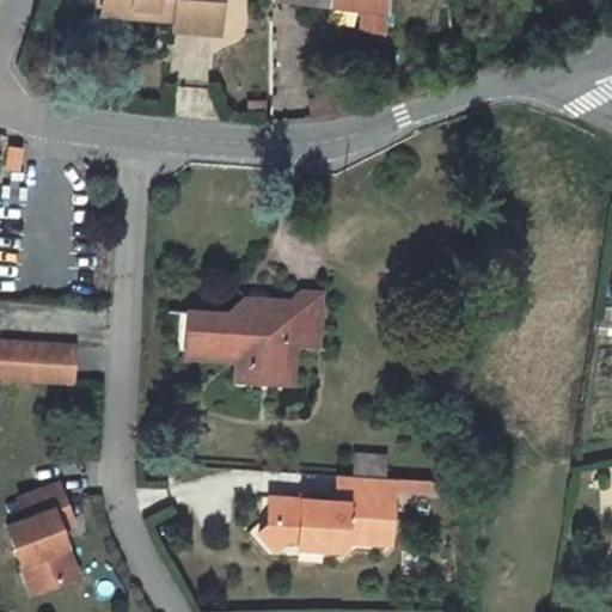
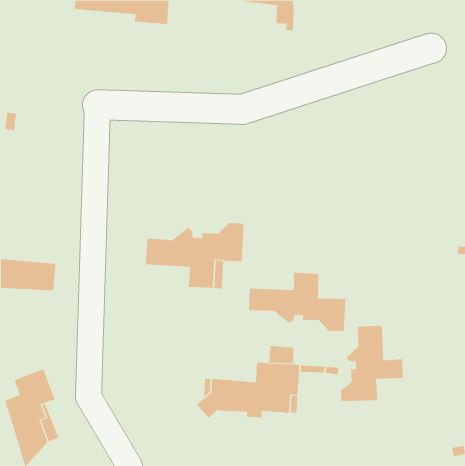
building: [190,347,250,377] -> none
building: none -> [249,272,346,332]
building: none -> [340,325,403,402]

